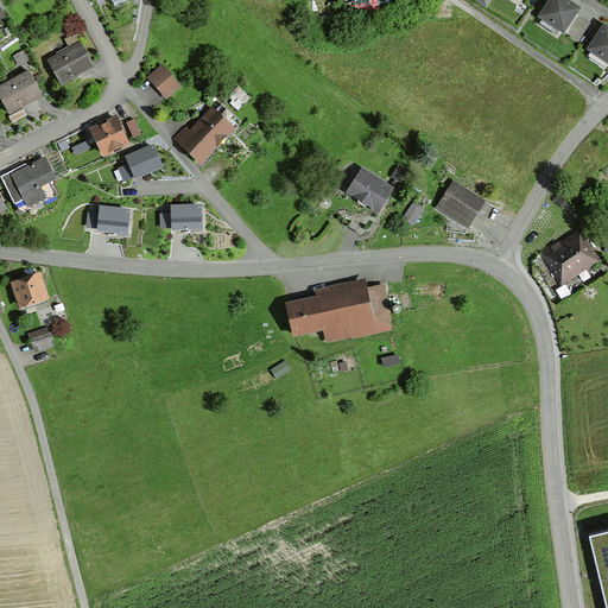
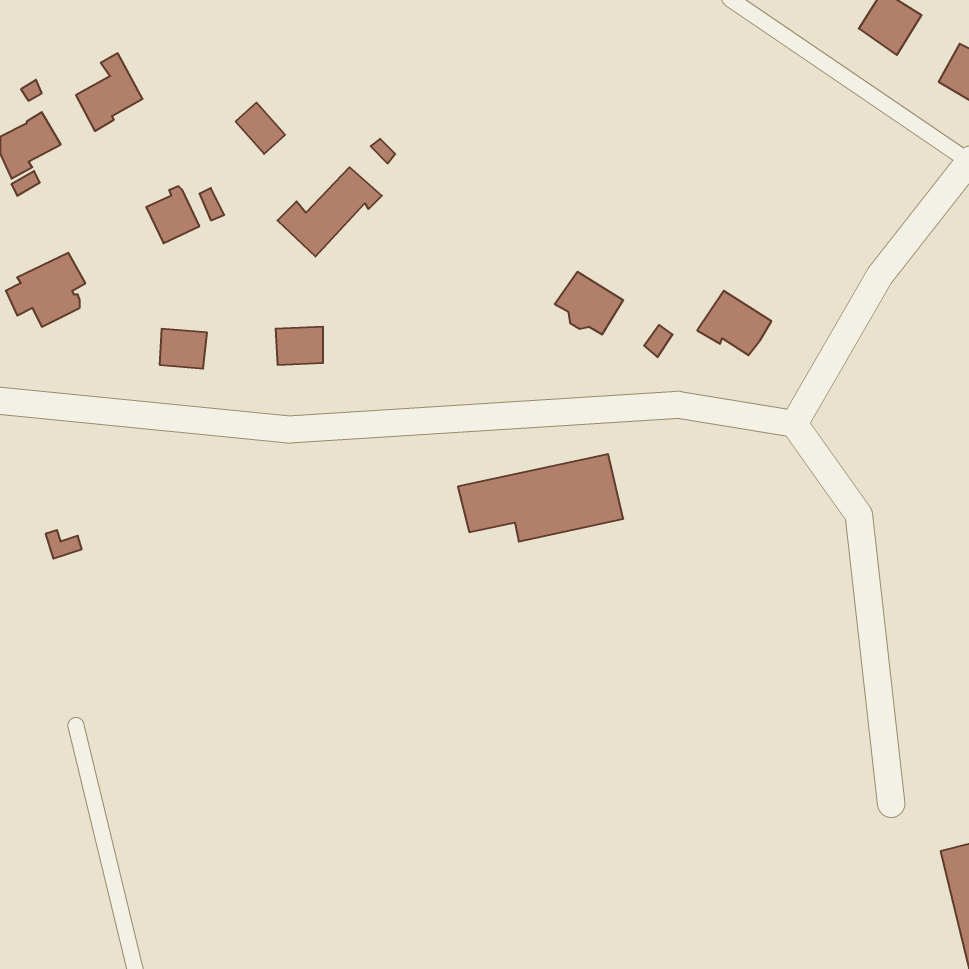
building: [129,146,160,175] -> none
building: [540,235,594,280] -> none
building: [15,274,45,304] -> none

